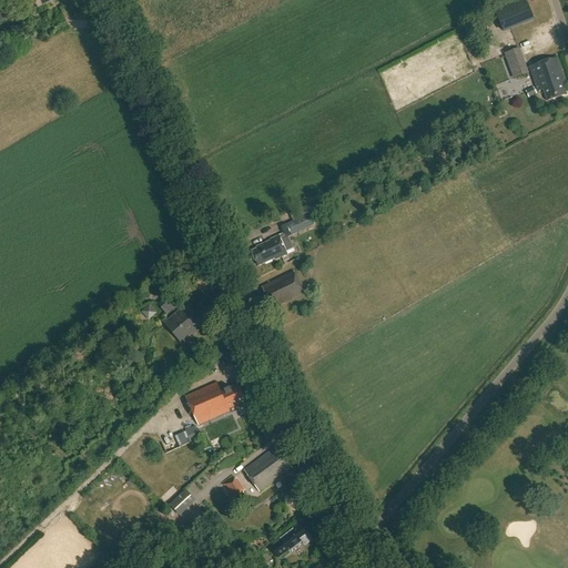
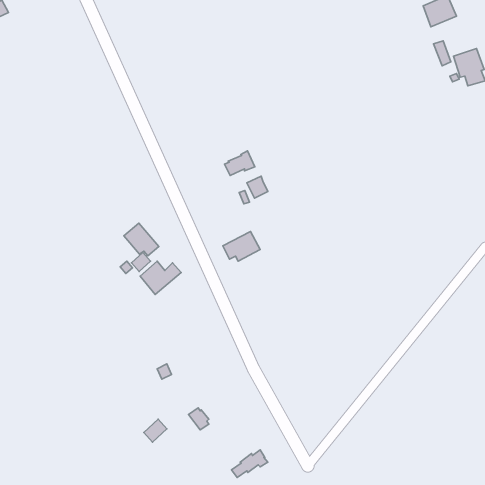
building: [250,234,285,263] -> [224,151,255,175]
building: none -> [124,223,159,256]
building: [184,382,245,424] -> none
building: [243,444,292,491] -> none

